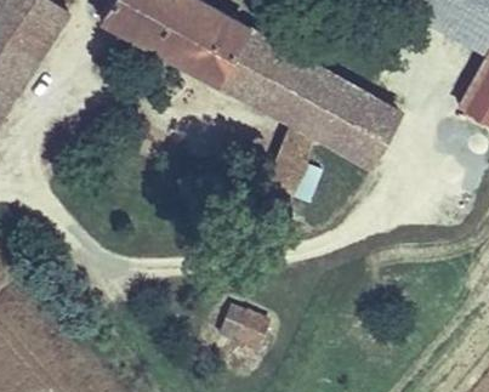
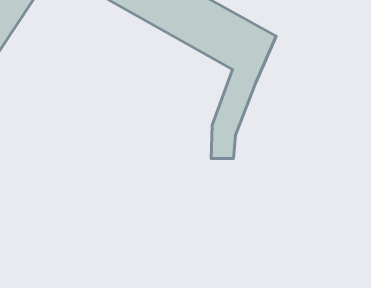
building: [315,81,397,165] -> none
building: [220,307,269,351] -> none

